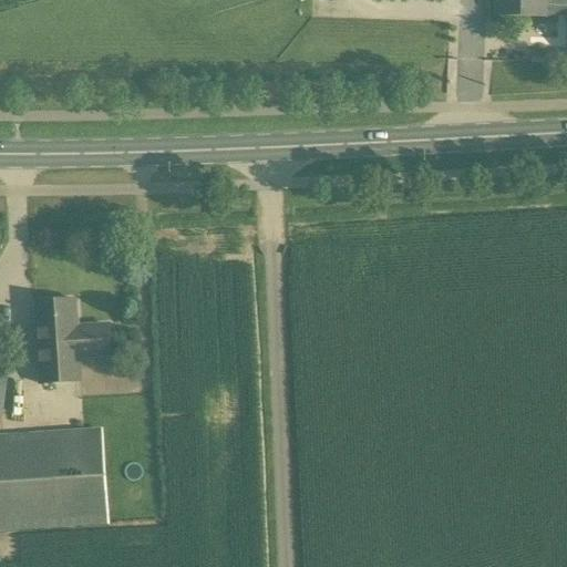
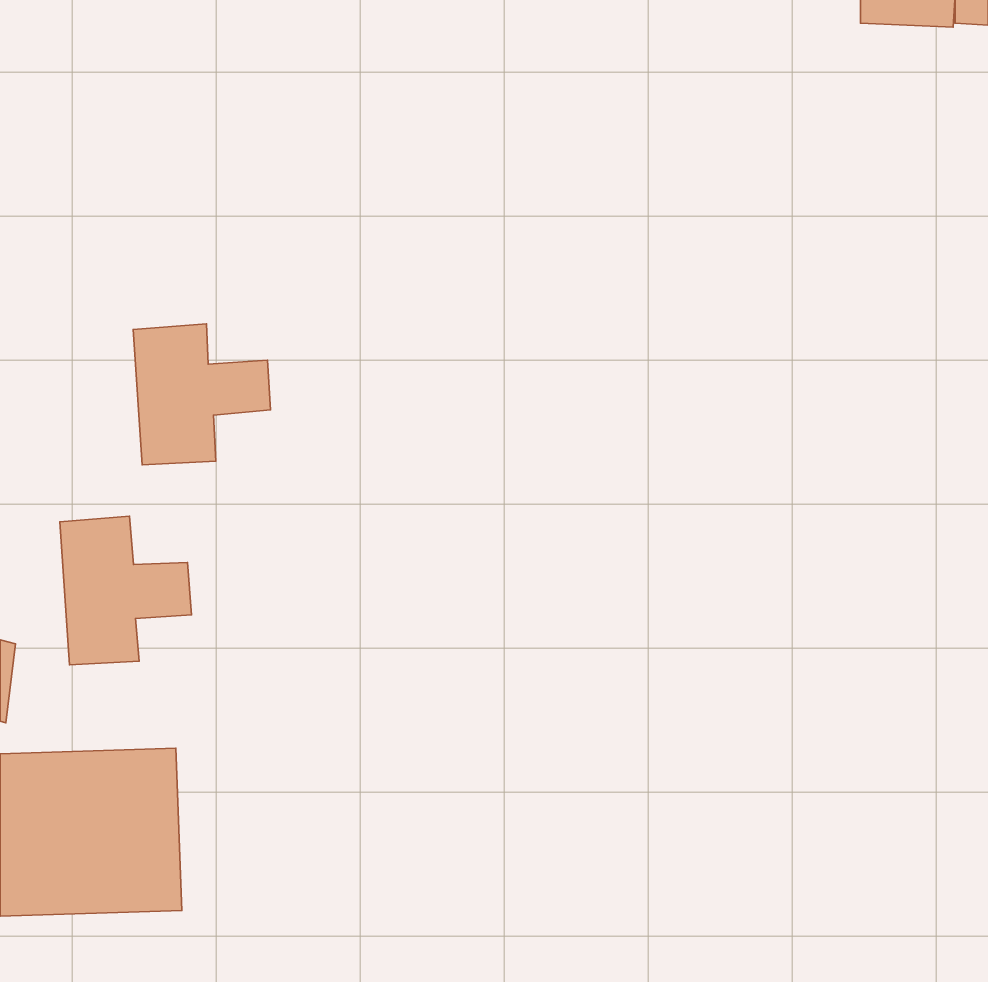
building: none -> [133,324,271,465]

